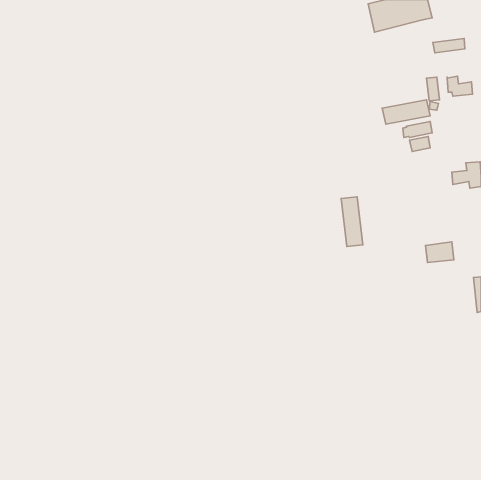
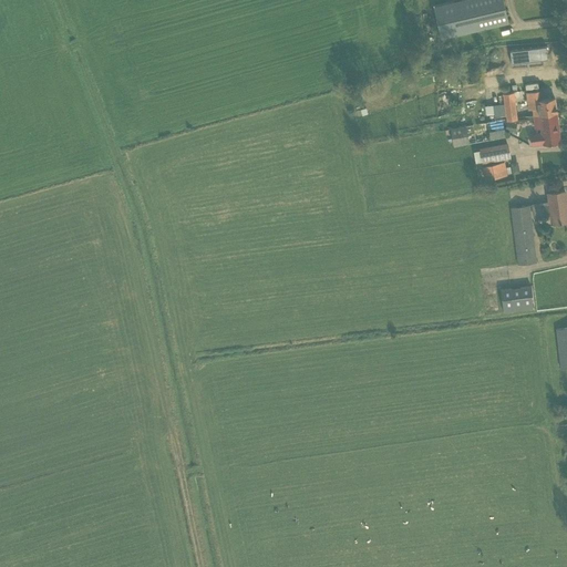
building: none -> [529,111,560,144]
building: [341,197,363,247] -> [511,204,536,262]

